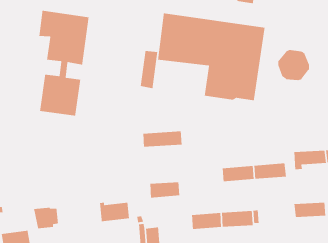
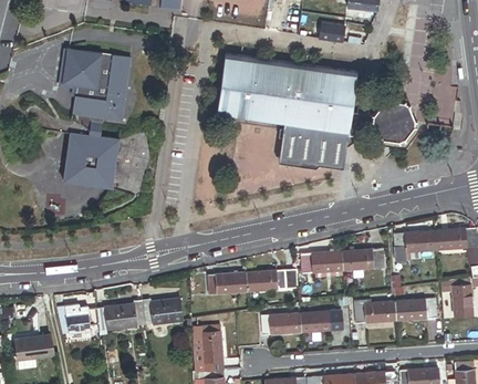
building: [140,50,158,89] -> none
building: [142,131,182,148] -> [246,269,298,291]
building: none -> [96,300,144,331]
building: none -> [354,300,396,323]

